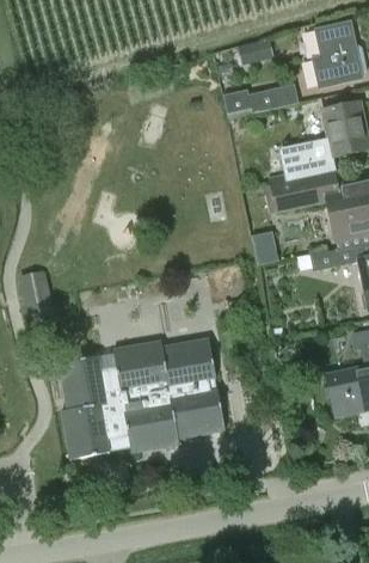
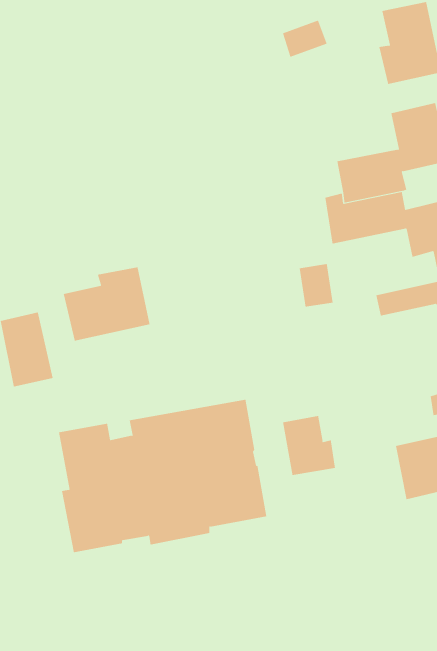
building: [222,84,299,117] -> none
building: none -> [63,266,150,342]
building: none -> [282,415,336,476]

